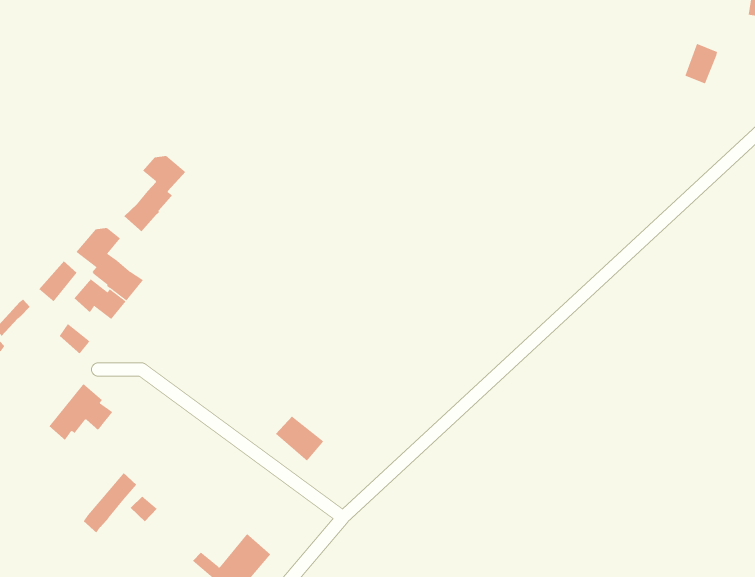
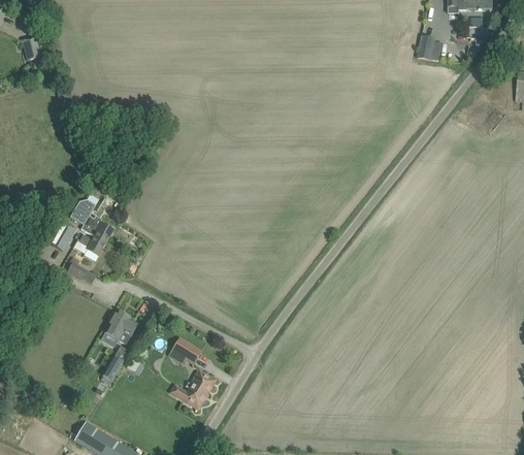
building: [124,155,186,232] -> none
building: [49,383,113,441] -> [101,310,138,346]
building: [275,416,324,461] -> [171,338,201,364]

